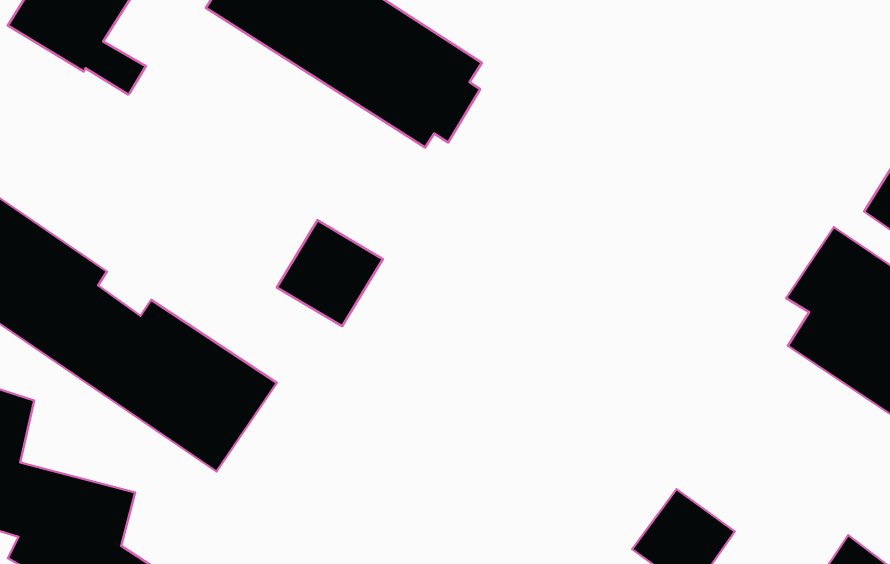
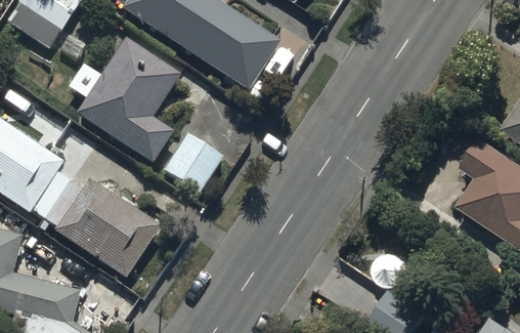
building: none -> [60,36,182,162]

